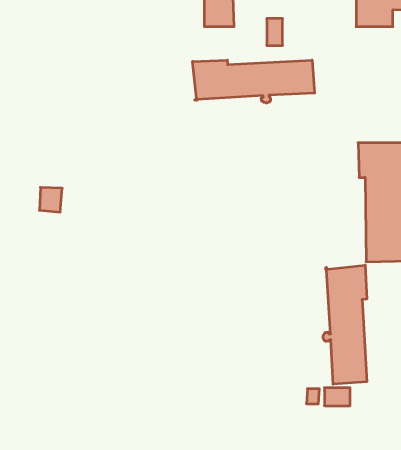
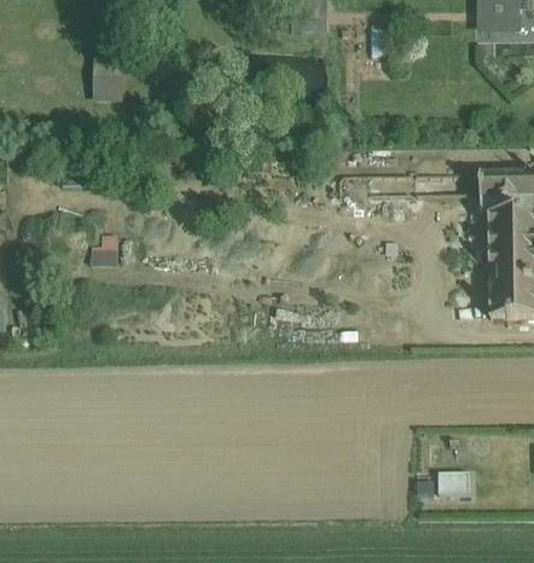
building: none -> [92,57,122,103]
building: [193,60,315,103] -> none
building: [323,265,367,384] -> none

